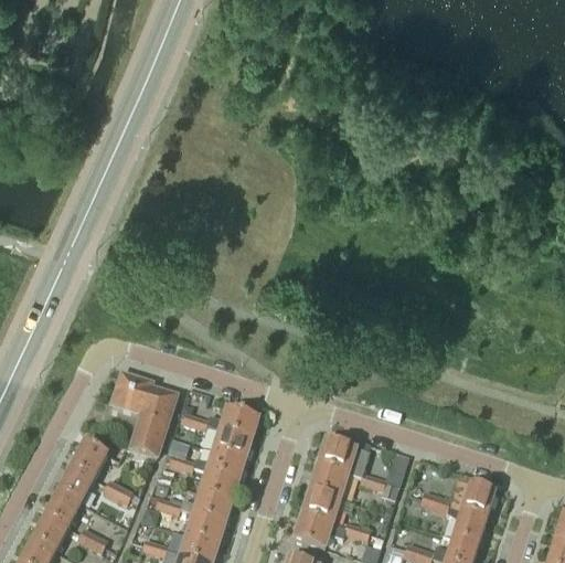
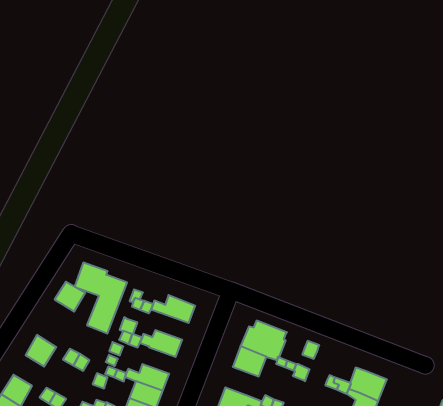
building: [212,431,252,461] -> none
building: [70,444,106,479] -> [55,282,85,312]
building: [199,472,238,503] -> none
building: [300,490,340,525] -> none
building: [44,491,81,528] -> none

